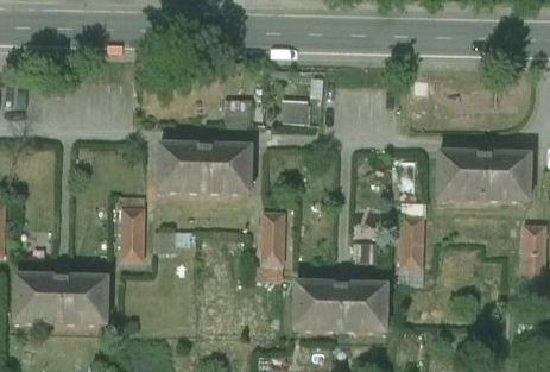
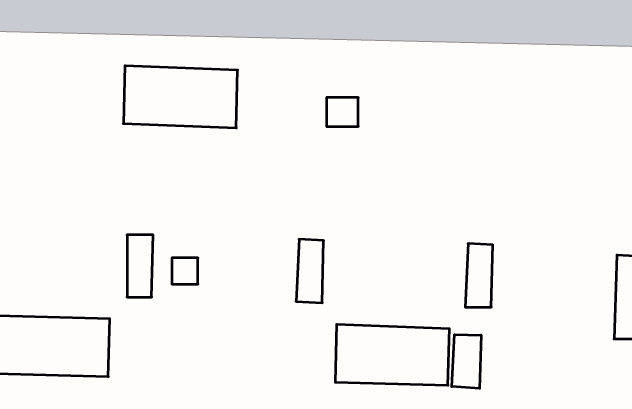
building: [158,143,252,194] -> [123,66,238,128]
building: [437,151,531,201] -> none
building: none -> [452,335,481,388]

